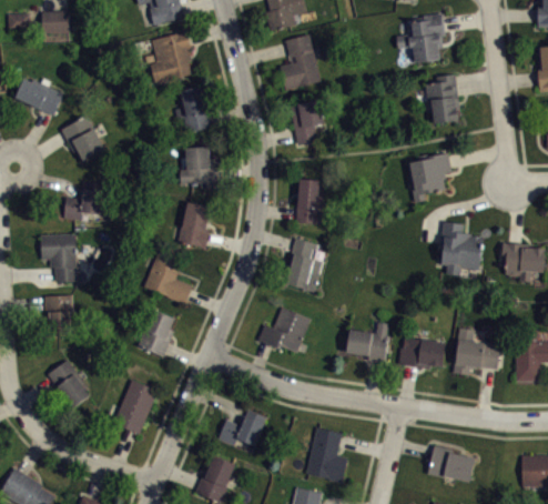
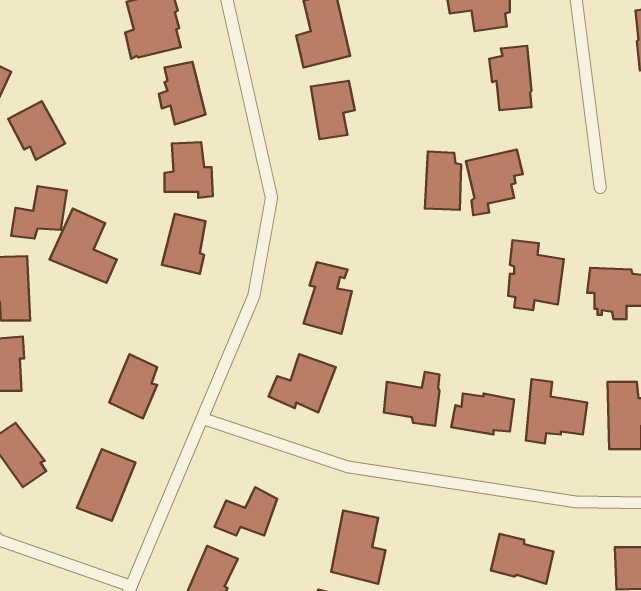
building: [296,180,324,224] -> [425,151,461,210]
building: [143,249,194,305] -> [50,208,117,283]

